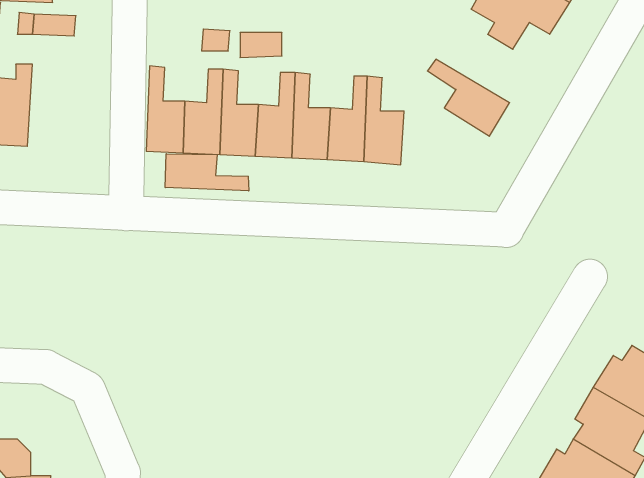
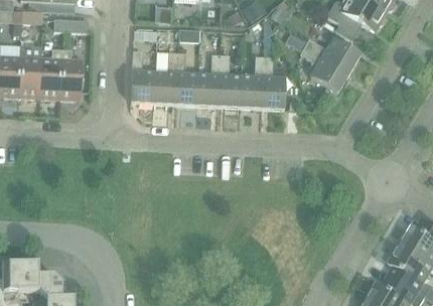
building: none -> [305,37,360,72]
building: none -> [59,49,83,100]
building: [165,154,249,191] -> none

